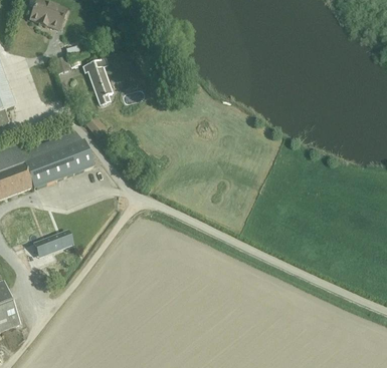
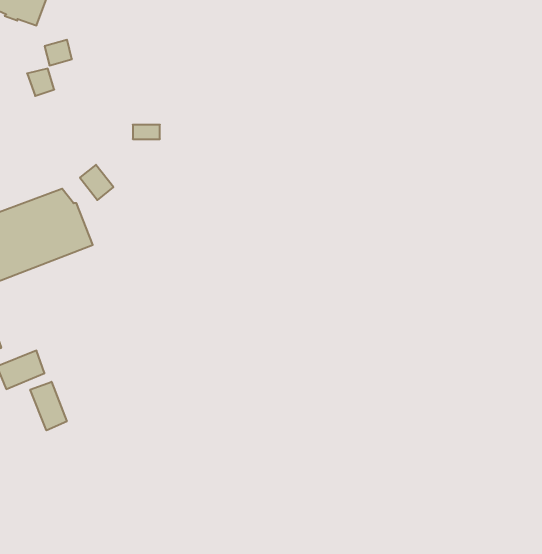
building: [88,57,112,103] -> none
building: none -> [30,382,67,430]

